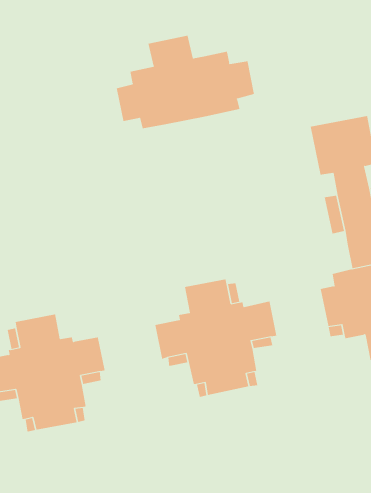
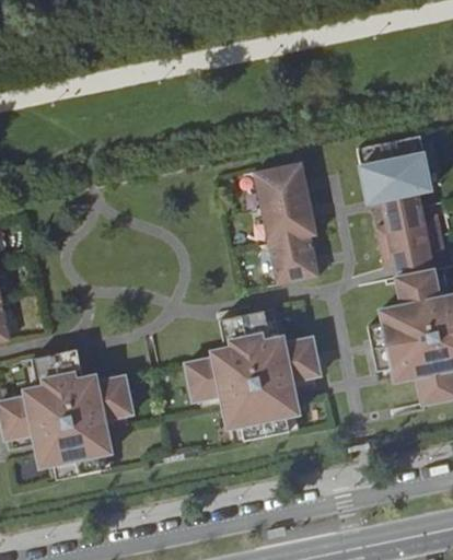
building: [116,35,255,129] -> none
building: none -> [254,160,317,282]

